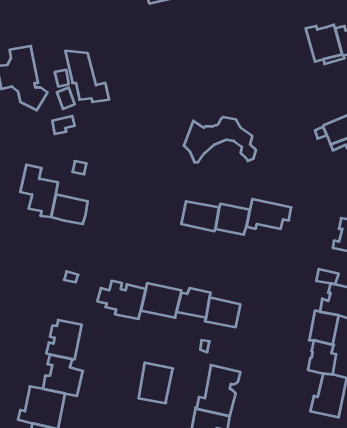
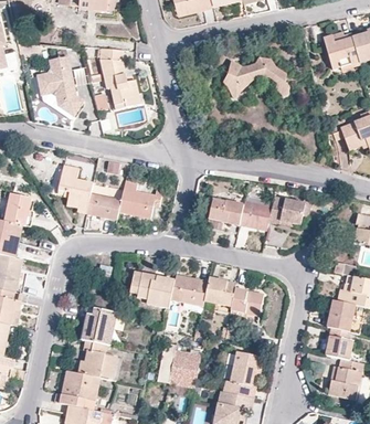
building: [184,117,256,162] -> [222,55,289,97]
building: none -> [118,178,162,216]

